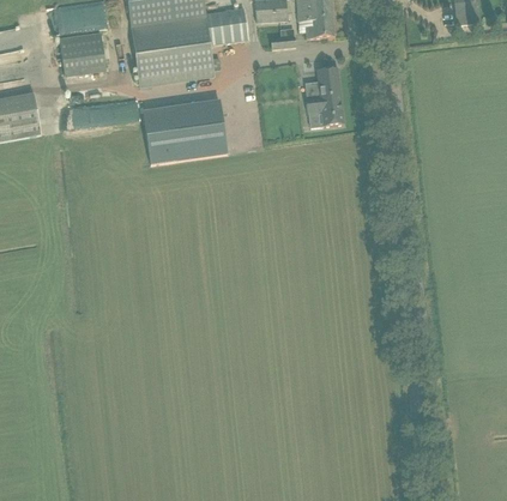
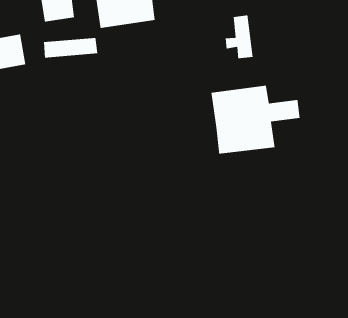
building: [143,103,227,163] -> none
building: none -> [211,85,300,155]

